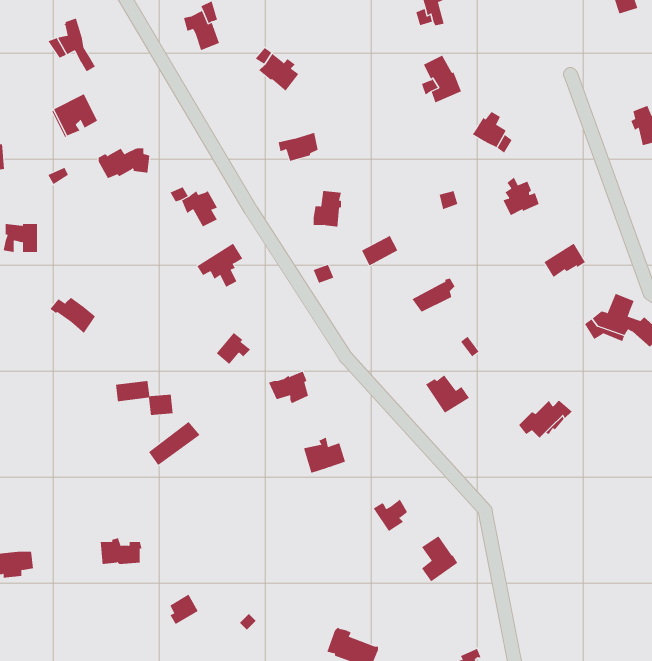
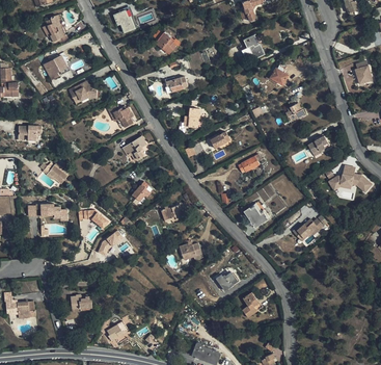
building: none -> [27,203,67,220]

